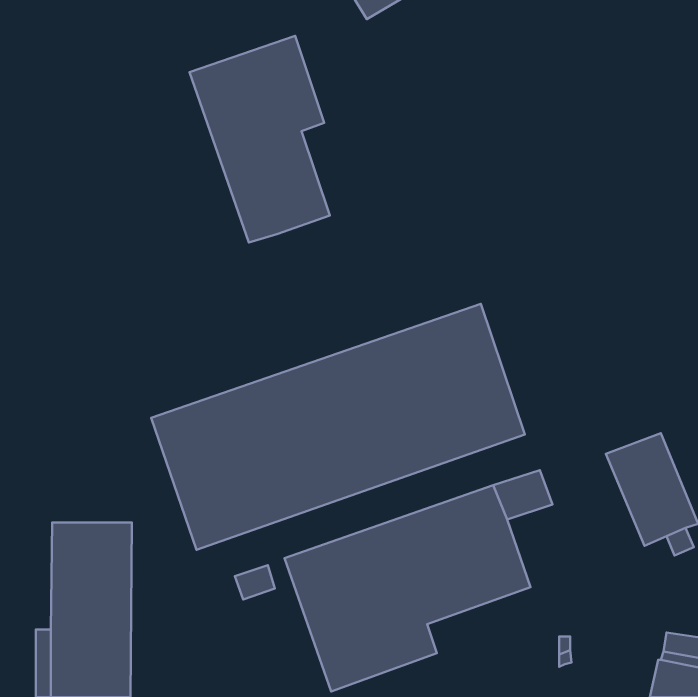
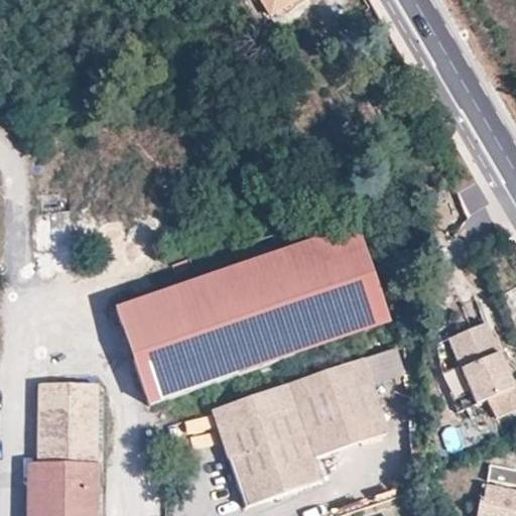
building: [190,36,330,243] -> none

